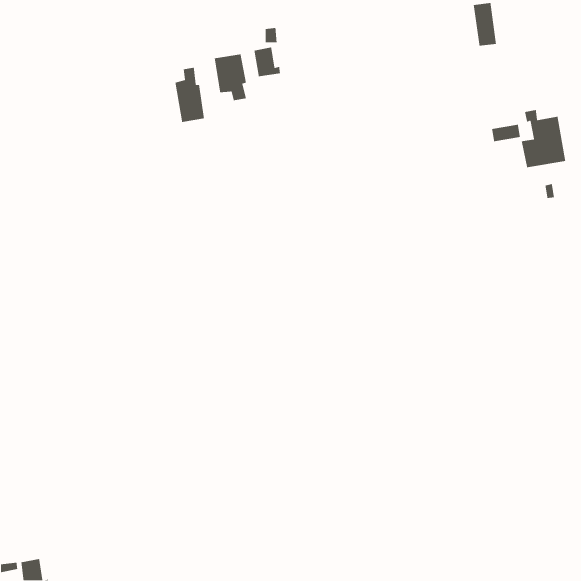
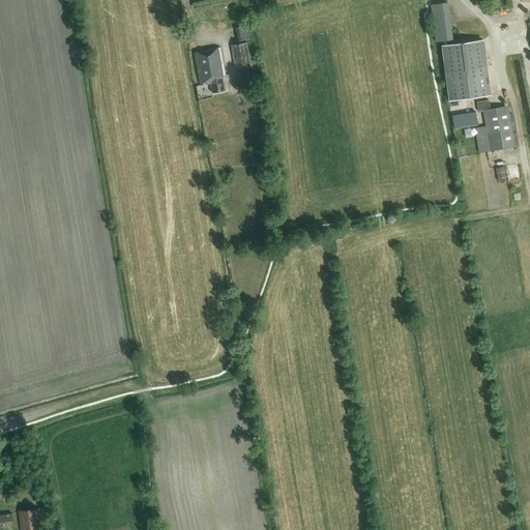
building: none -> [441,39,491,100]
building: [175,67,205,123] -> none

